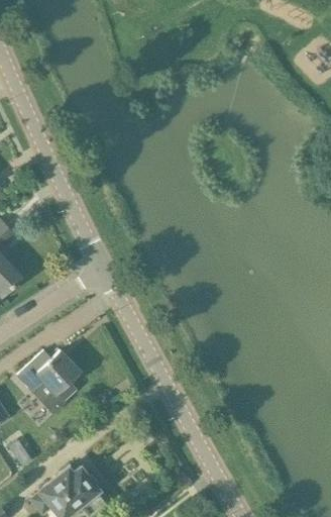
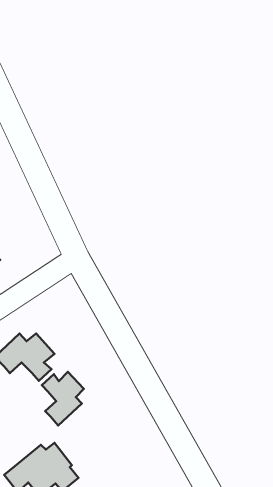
building: none -> [42,372,84,426]

